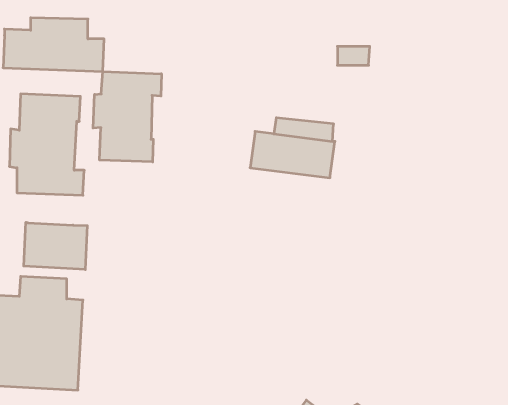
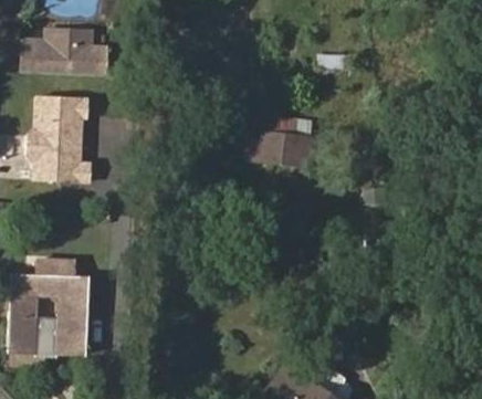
building: [93,71,161,162] -> none
building: [24,222,87,270] -> none

